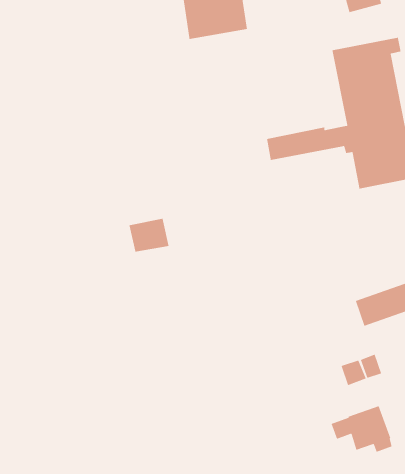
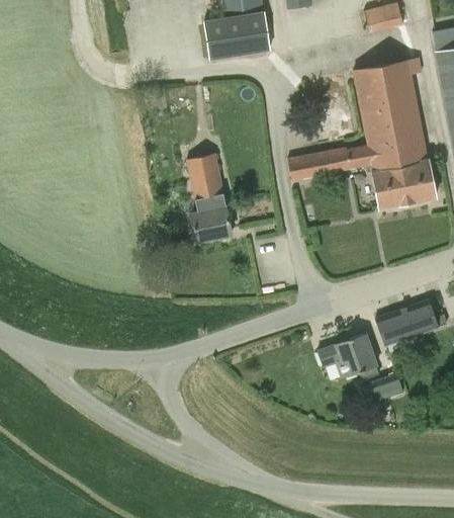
building: none -> [187,153,224,199]
building: [129,218,169,252] -> [192,206,233,241]
building: [330,405,392,453] -> [317,333,379,380]

